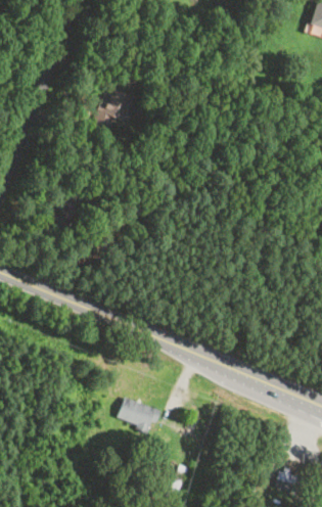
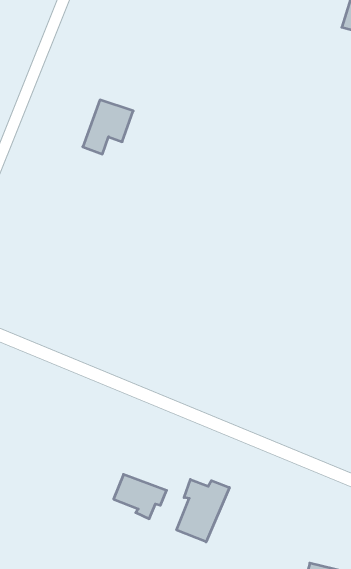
building: none -> [177,479,229,542]

